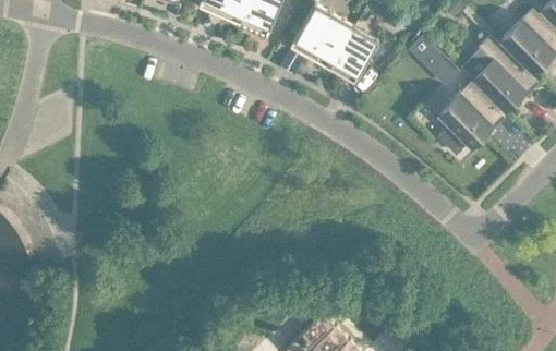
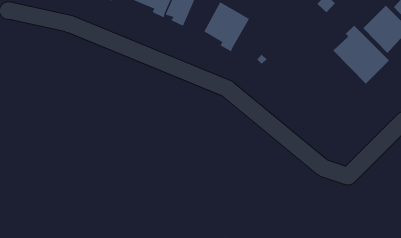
building: [333,27,383,84] -> none
building: [409,36,460,86] -> none
building: [439,83,503,155] -> none

